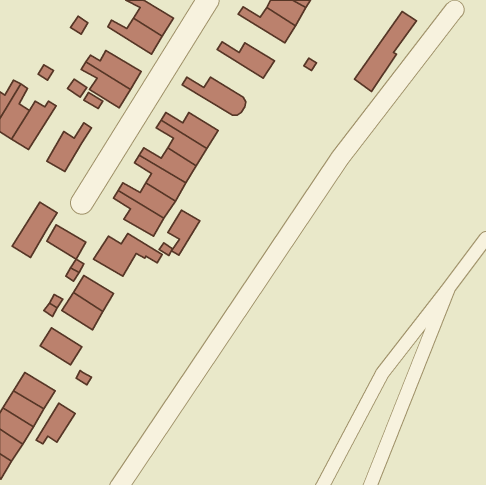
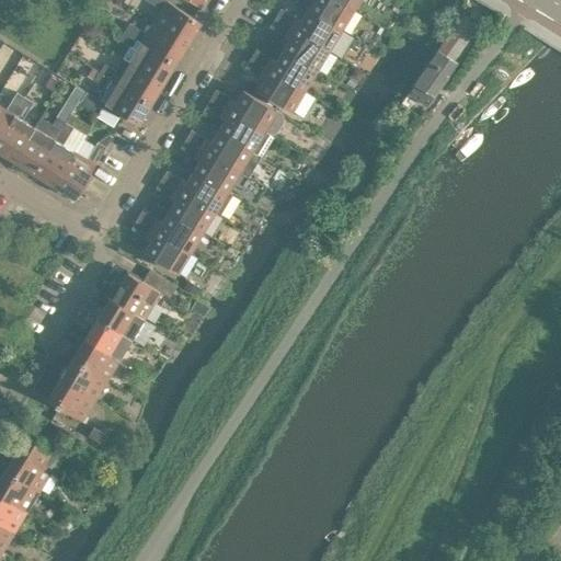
building: none -> [268,19,328,72]
building: none -> [118,33,174,84]
building: none -> [244,59,302,113]
building: none -> [204,100,272,158]
building: [12,202,57,258] -> [33,124,84,187]
building: [168,210,200,255] -> none
building: [47,225,86,259] -> [96,300,141,340]
building: none -> [59,359,106,401]
building: [36,403,75,444] -> none

